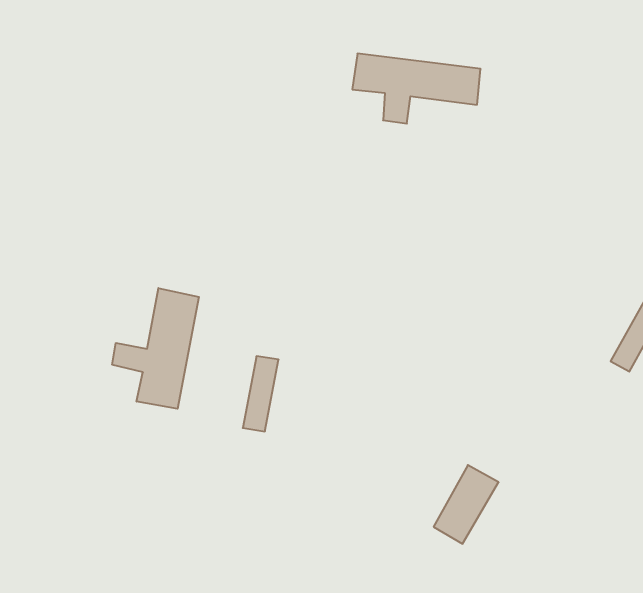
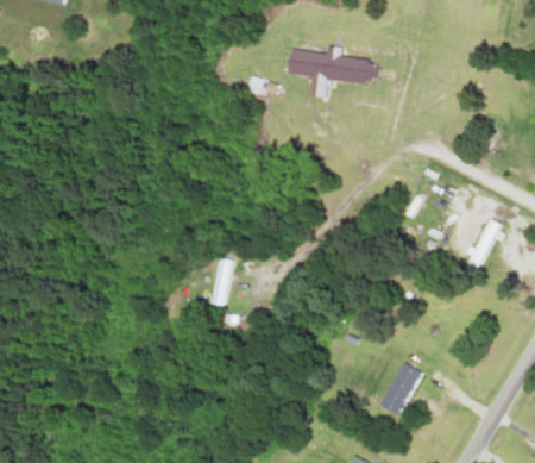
building: [112,288,199,409] -> none
building: [434,465,499,544] -> [378,362,423,417]

